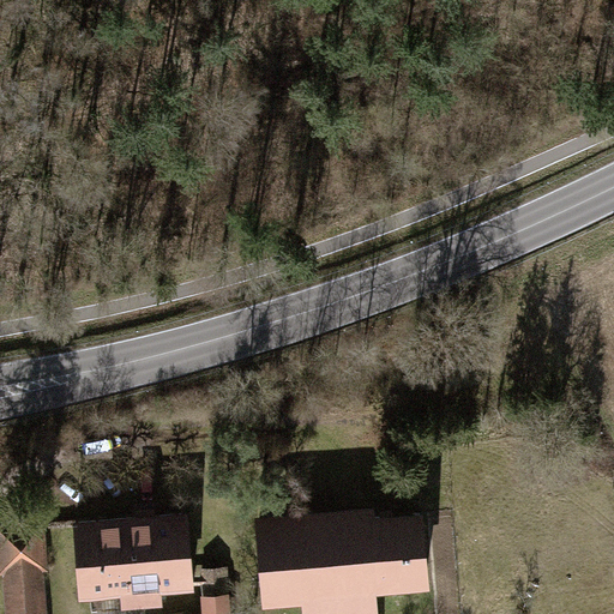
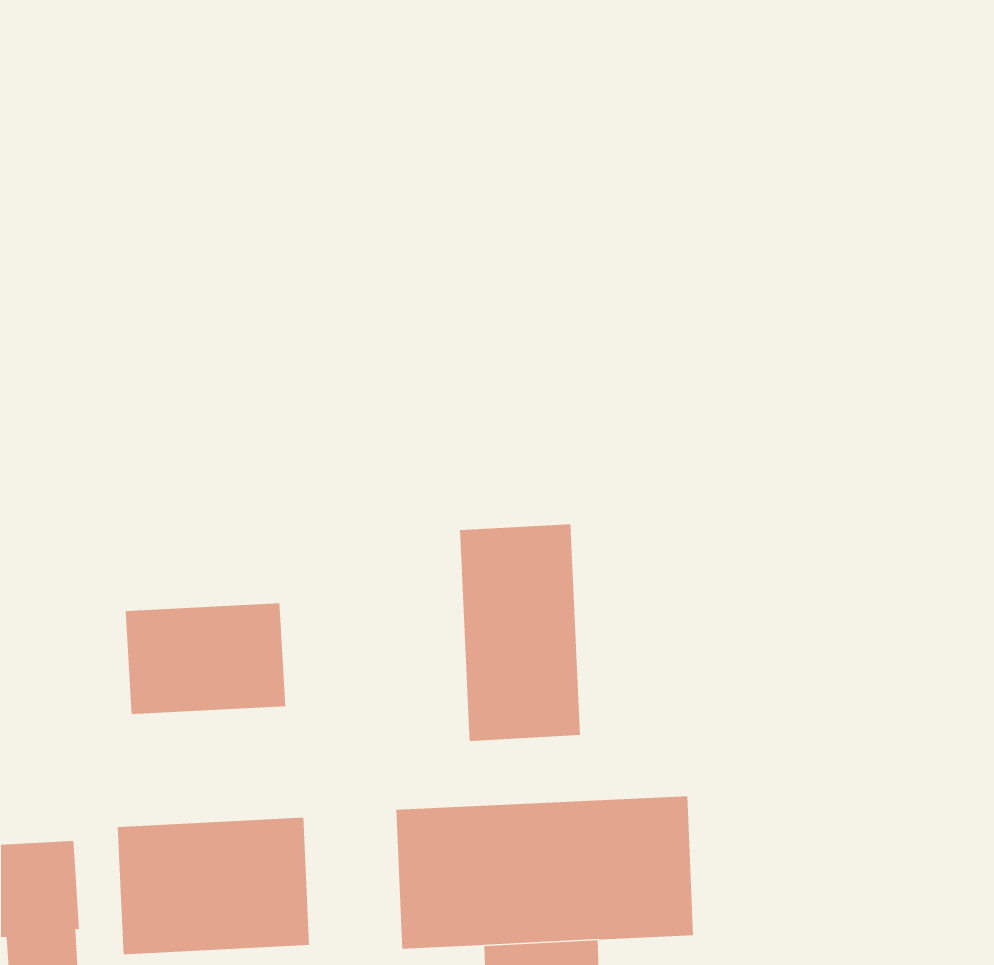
building: none -> [459,523,581,742]
building: none -> [125,603,286,715]

